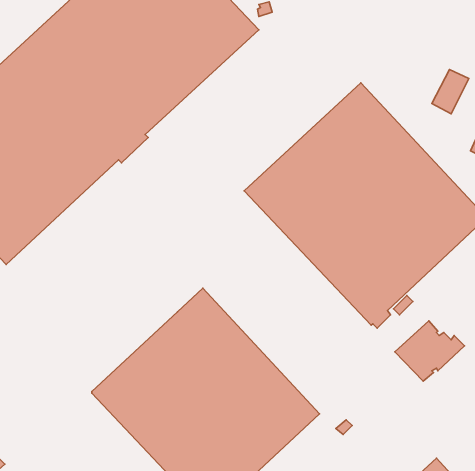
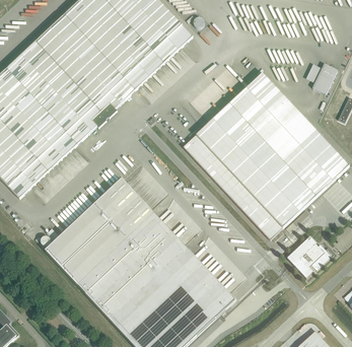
building: none -> [46,179,155,285]

